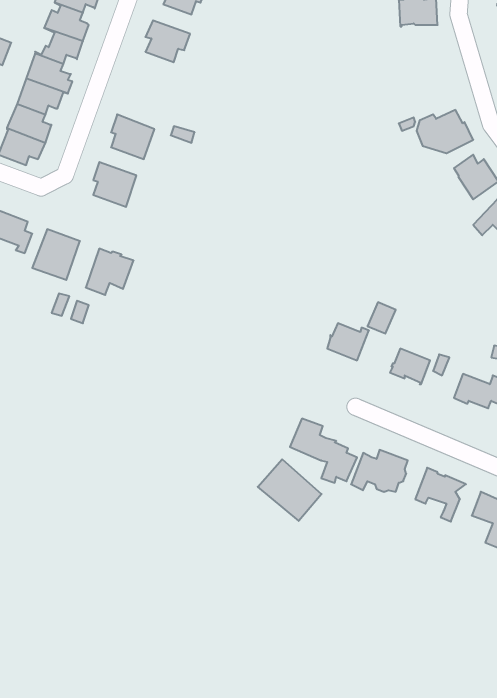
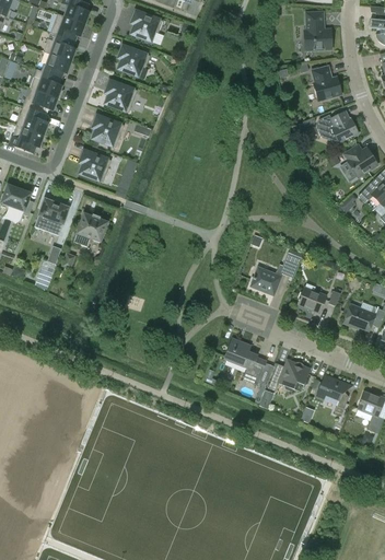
building: none -> [311,65,341,101]
building: none -> [104,79,137,112]
building: [258,459,322,521] -> none

